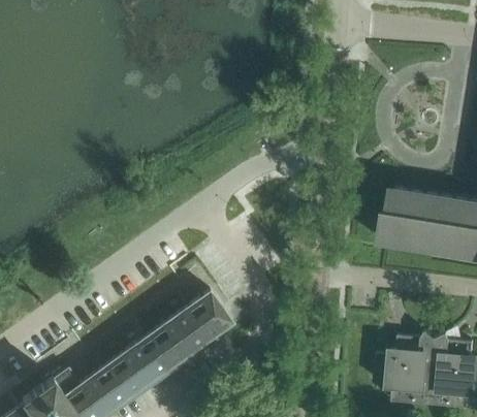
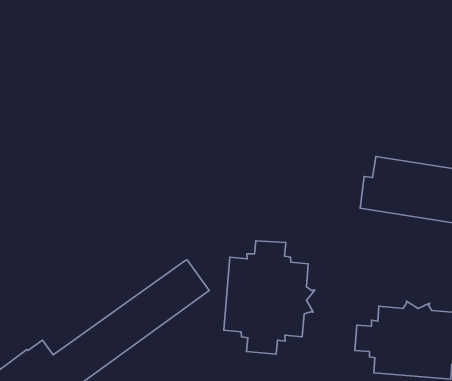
building: none -> [224,241,315,354]

